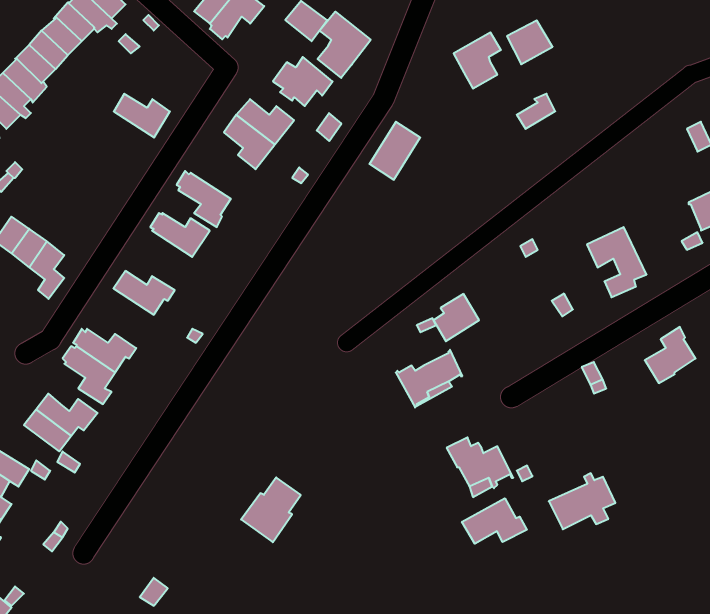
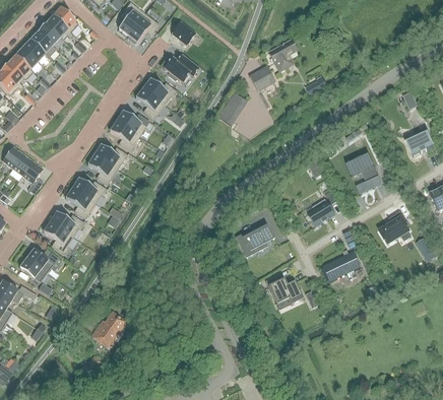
building: [318,12,371,78] -> none
building: [507,20,553,64] -> [249,65,275,90]
building: [114,94,170,138] -> [116,111,148,136]
building: none -> [86,154,117,185]
building: none -> [65,188,94,218]
building: [434,294,479,341] -> [308,198,334,225]
building: [549,473,615,529] -> [322,249,361,281]
building: [241,477,301,542] -> [90,311,125,348]
building: [462,498,527,544] -> none

